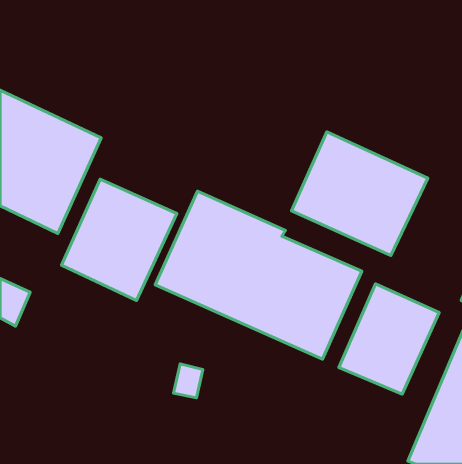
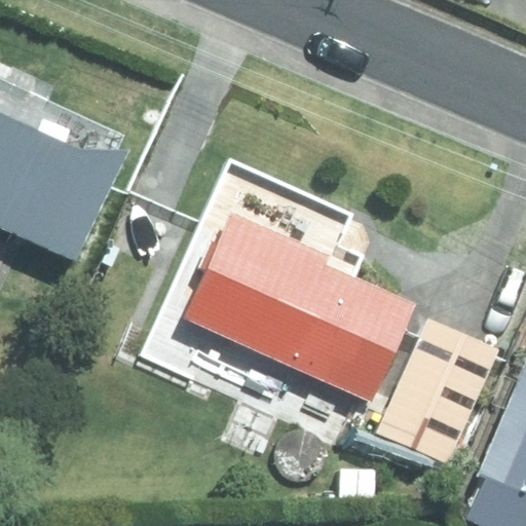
building: [292,132,428,255] -> none
building: [62,179,177,301] -> none

